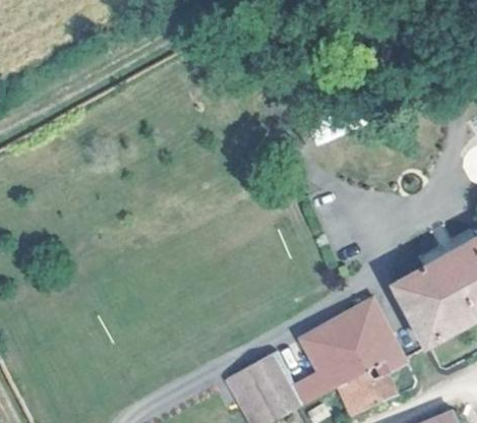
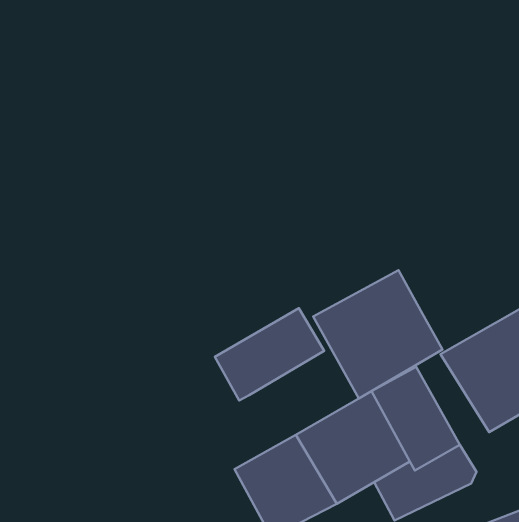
building: none -> [313,270,443,398]
building: none -> [215,308,324,401]

